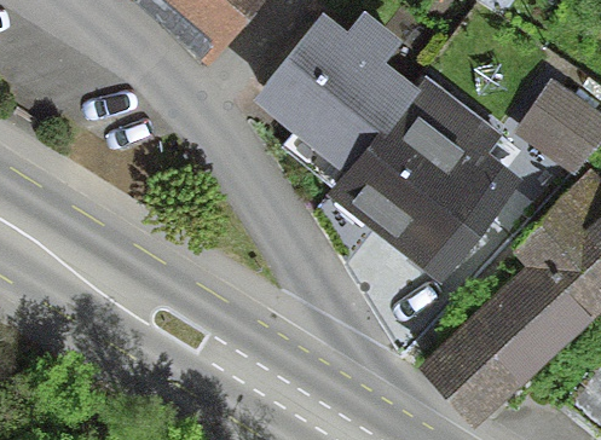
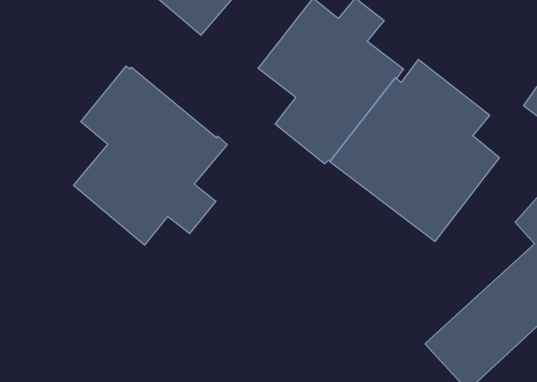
building: none -> [74,66,227,245]

